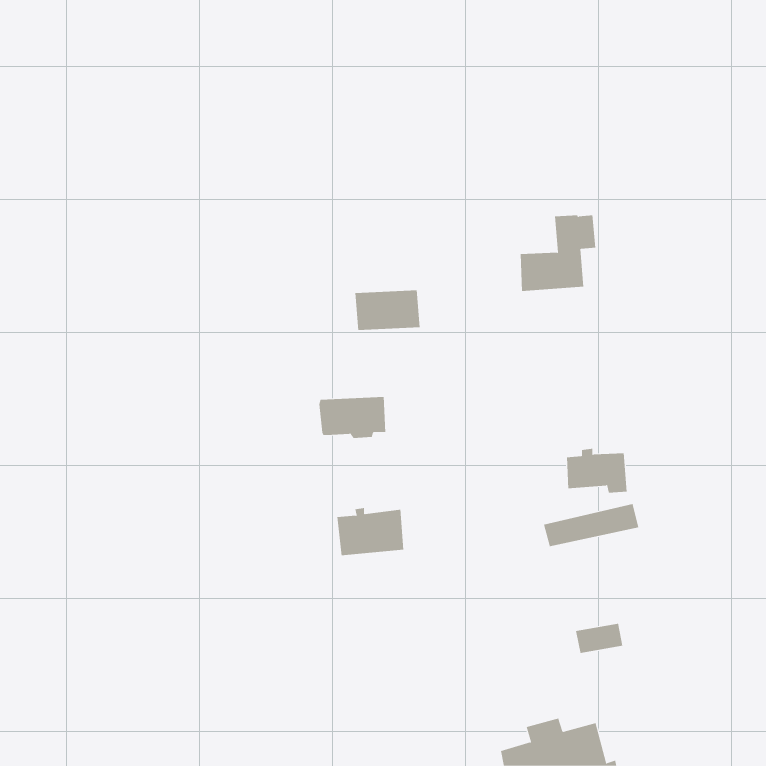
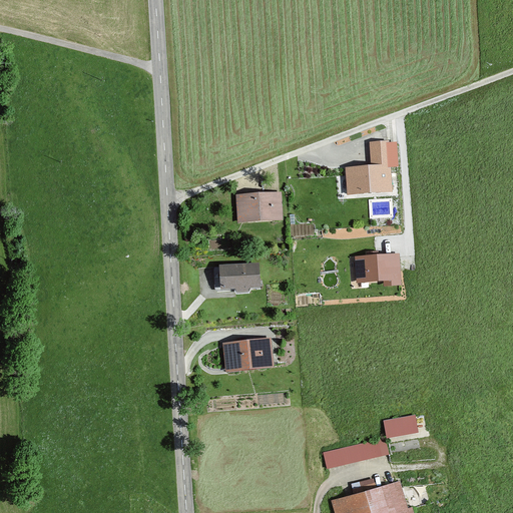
building: [566,448,628,493] -> [358,252,399,283]
building: [543,503,639,547] -> [323,438,387,467]

